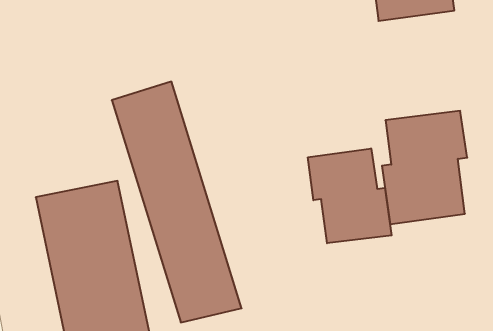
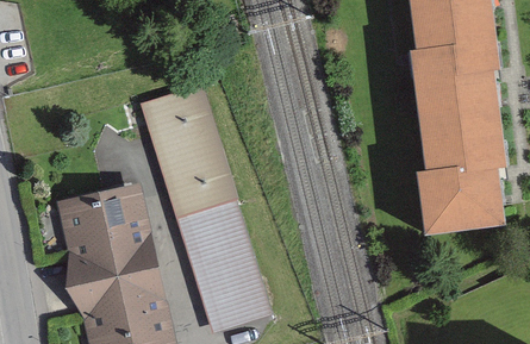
building: none -> [412,12,495,124]
building: [308,148,392,243] -> none

